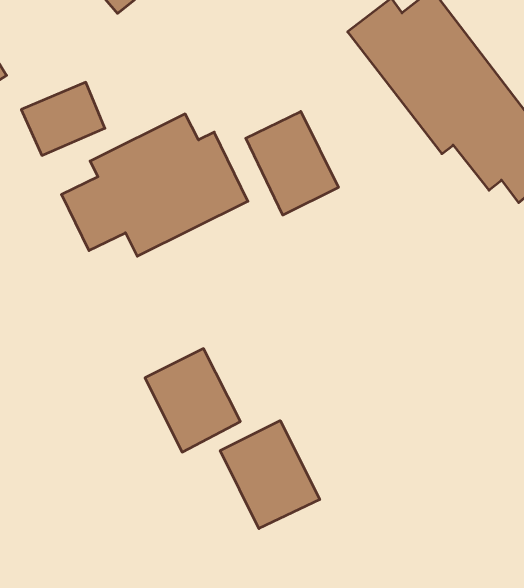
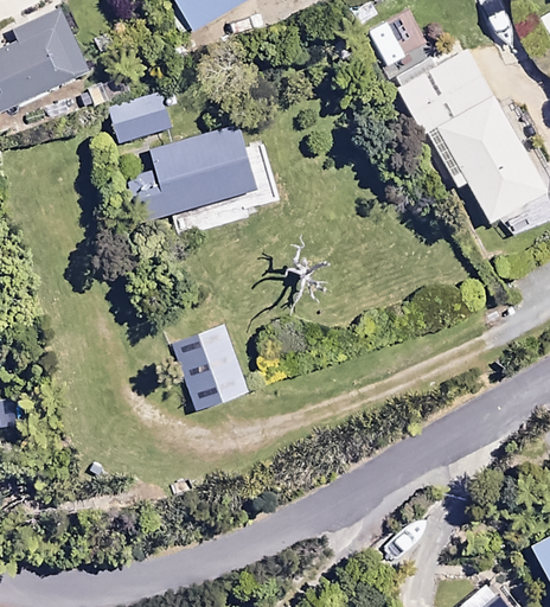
building: [246,111,338,215] -> none
building: [220,421,320,529] -> none

